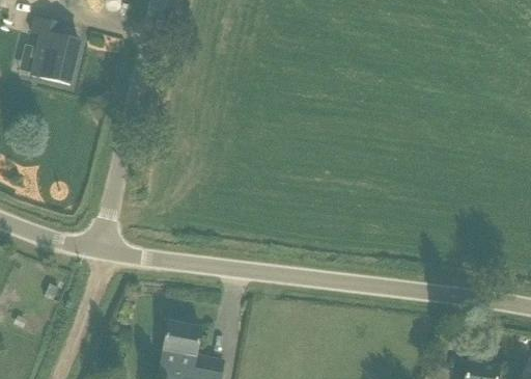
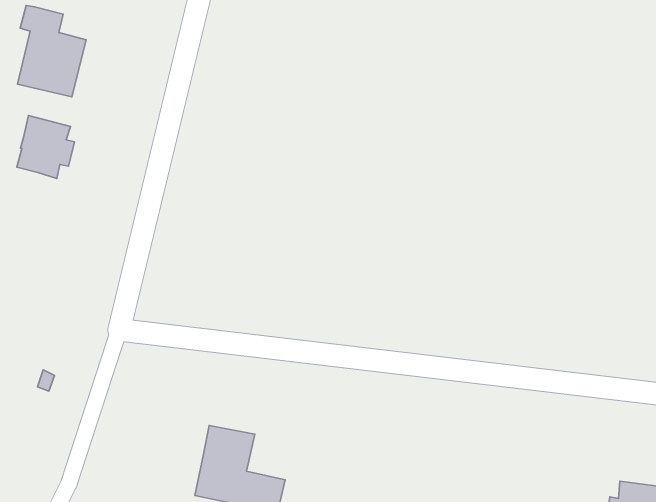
building: none -> [17,116,75,178]

